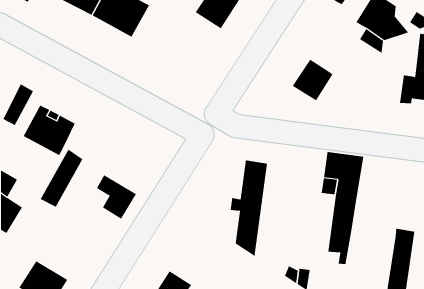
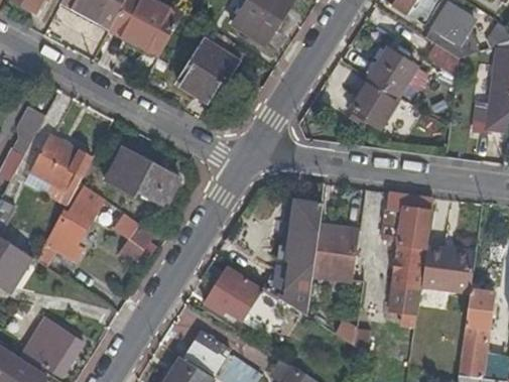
building: none -> [176,38,237,103]
building: none -> [369,50,413,97]
building: none -> [104,149,178,205]
building: none -> [312,220,358,276]
building: none -> [419,243,476,290]
building: none -> [205,268,264,321]

